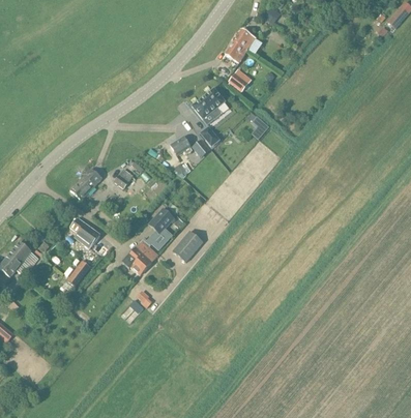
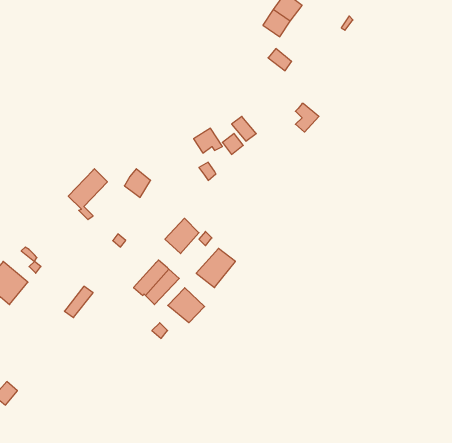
building: [192,87,225,119] -> none
building: [70,217,100,248] -> none
building: none -> [168,288,205,323]

